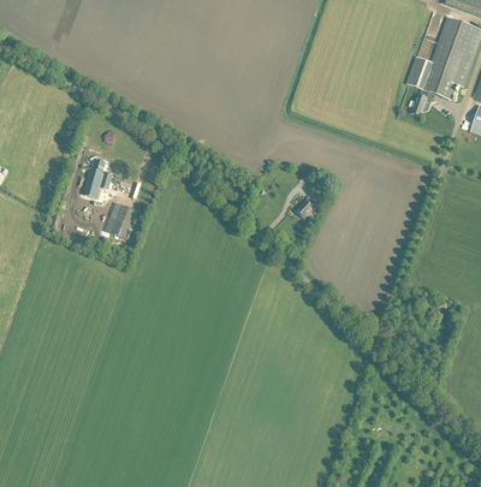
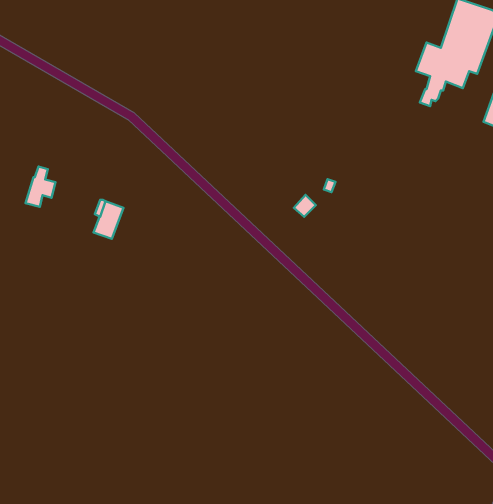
building: [83,159,111,196] -> [26,167,56,207]

